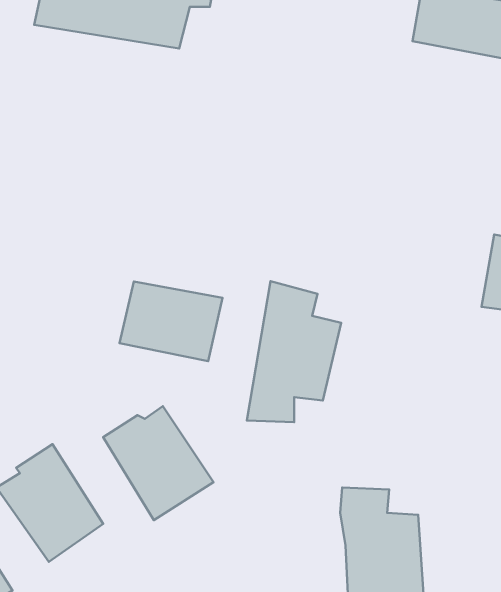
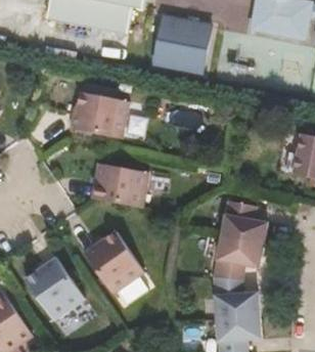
building: none -> [152,16,210,74]
building: none -> [73,95,131,143]
building: [247,281,341,422] -> [216,201,269,280]

